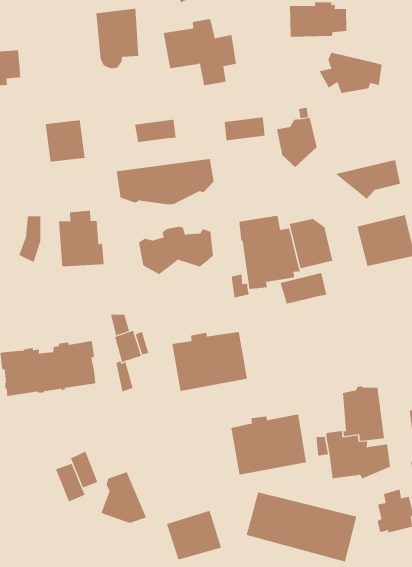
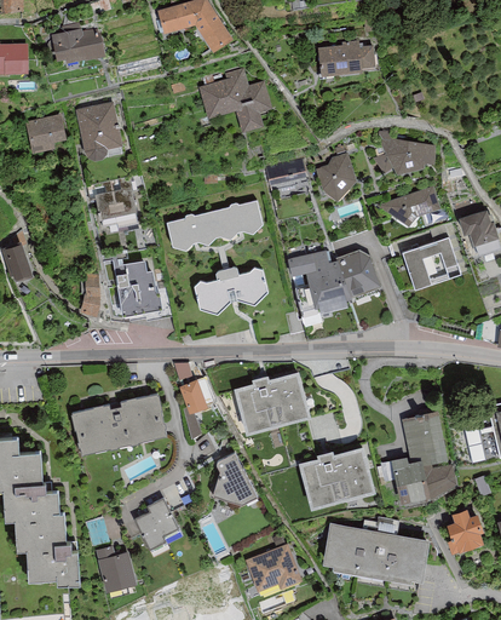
building: [95,8,139,69] -> [76,103,122,163]
building: [319,52,383,93] -> [374,139,434,178]
building: [134,119,176,143] -> none
building: [280,272,327,304] -> none
building: [100,472,147,524] -> [213,449,258,499]
building: none -> [96,542,136,587]

